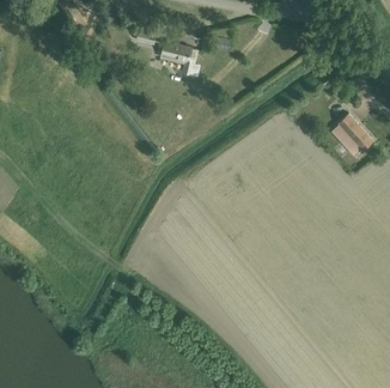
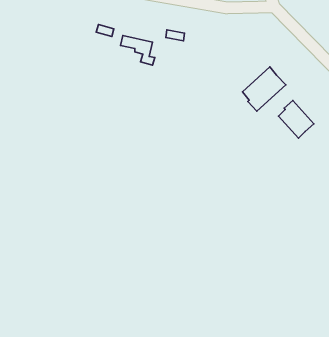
building: none -> [243,67,286,111]

